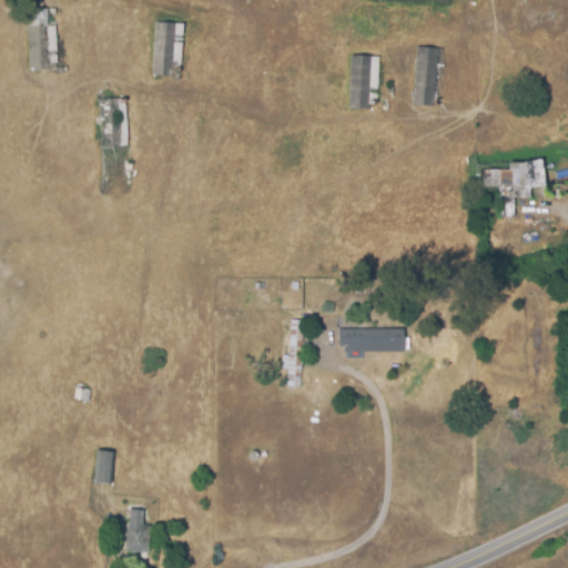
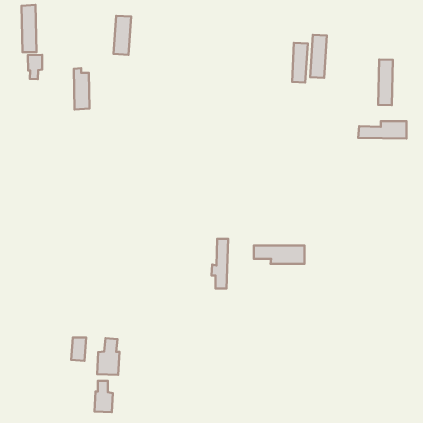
building: [351,55,372,109] -> [292,43,308,83]
building: none -> [28,55,42,79]
building: none -> [378,60,393,105]
building: none -> [97,338,119,375]

